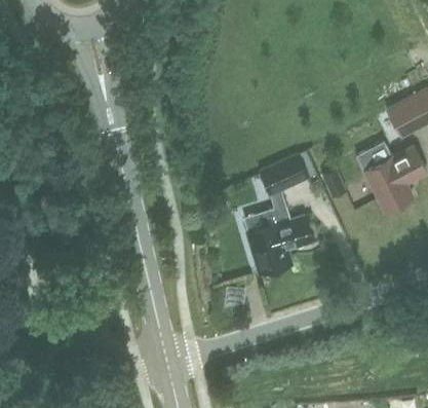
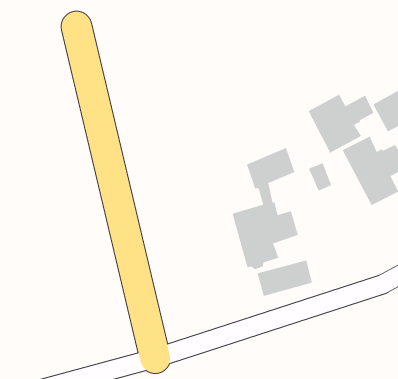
building: none -> [307,93,374,154]
building: none -> [257,259,313,297]

